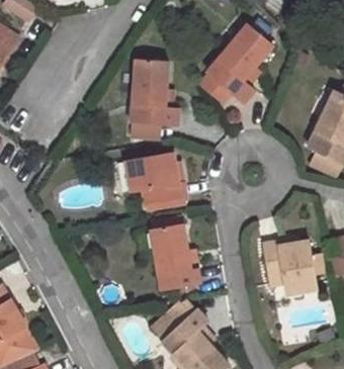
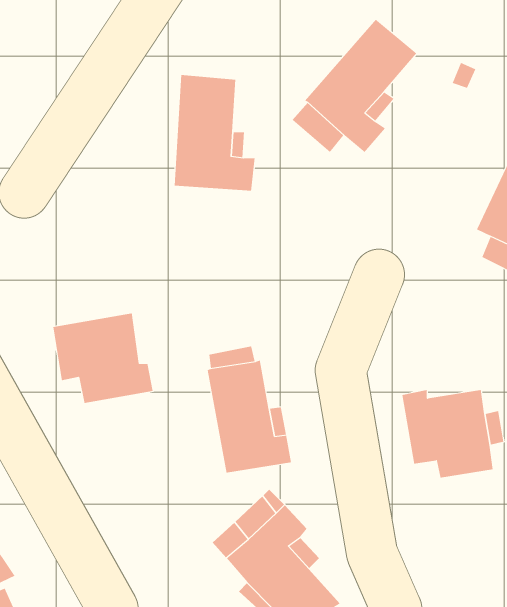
building: [126,153,185,205] -> [53,313,153,403]

